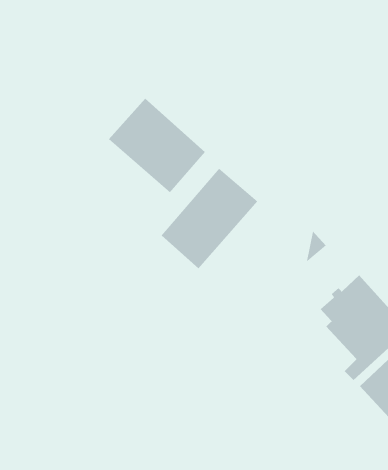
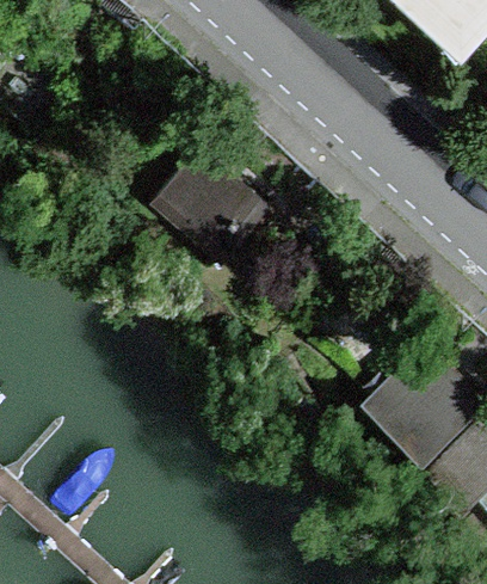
building: [161,168,258,269] -> none

